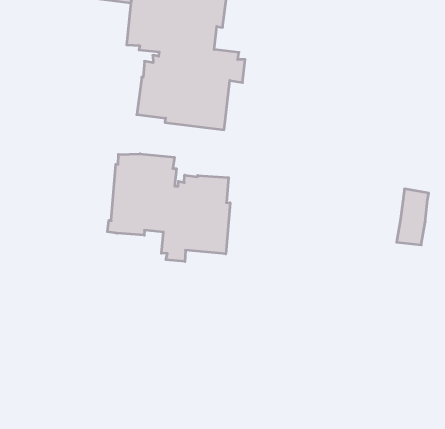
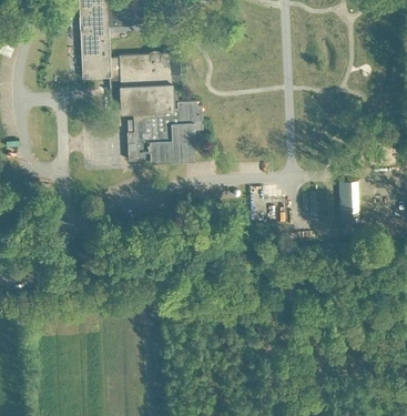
building: [107,154,230,262] -> none

